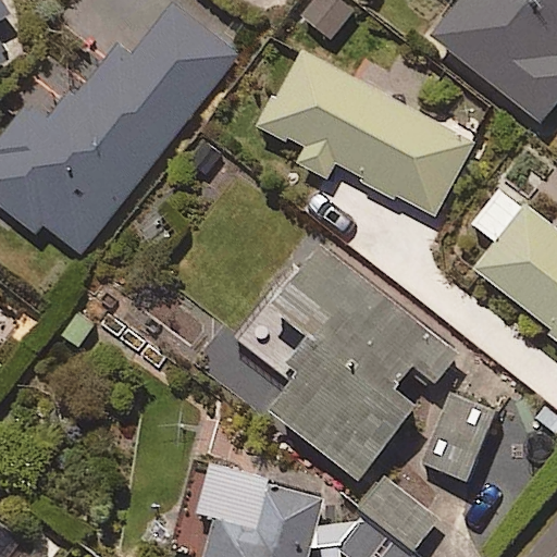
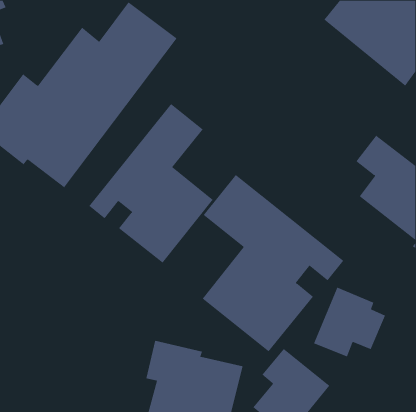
building: [258,49,475,220] -> none
building: none -> [89,103,213,264]

